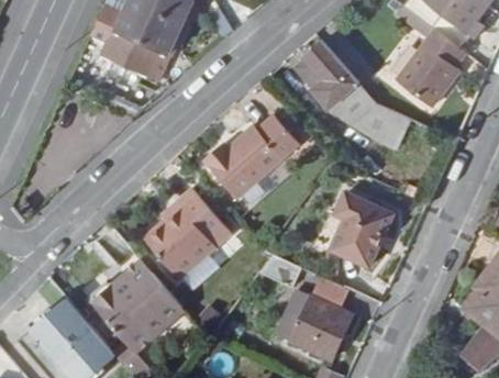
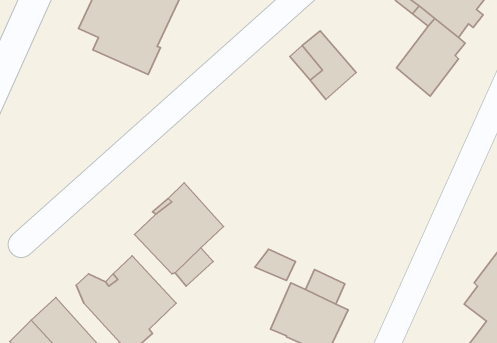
building: [330,82,412,149] -> none
building: [206,118,300,199] -> none
building: [321,192,390,264] -> none

